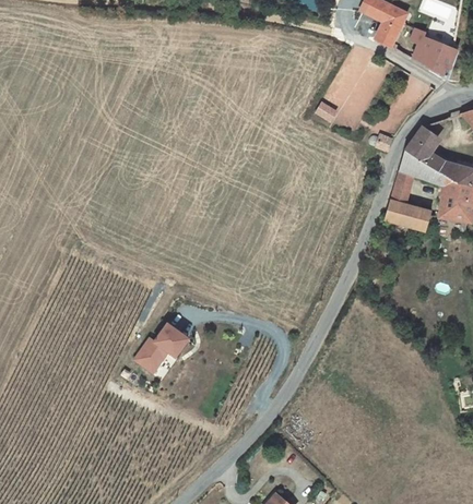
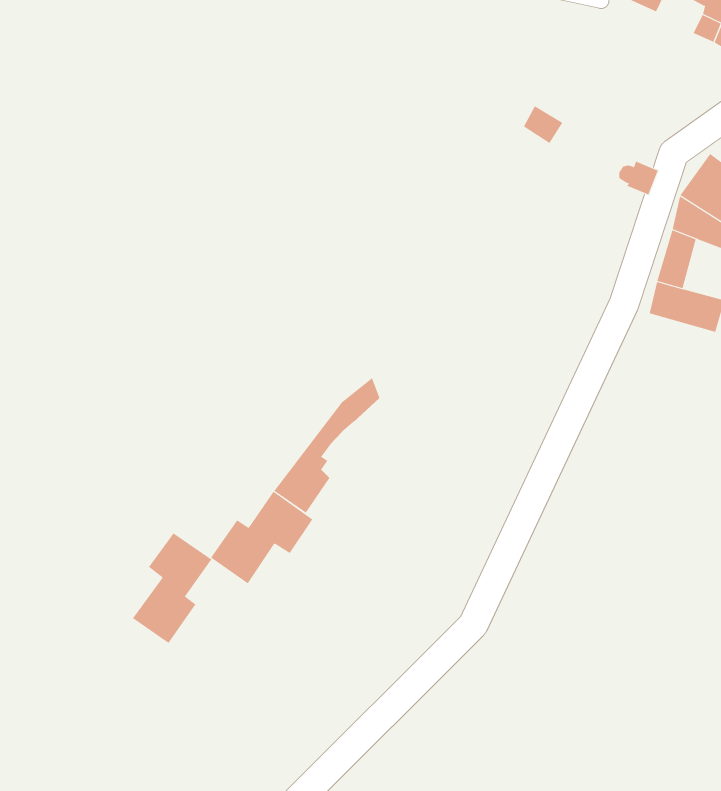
building: none -> [273,377,380,514]
building: none -> [132,533,212,644]

